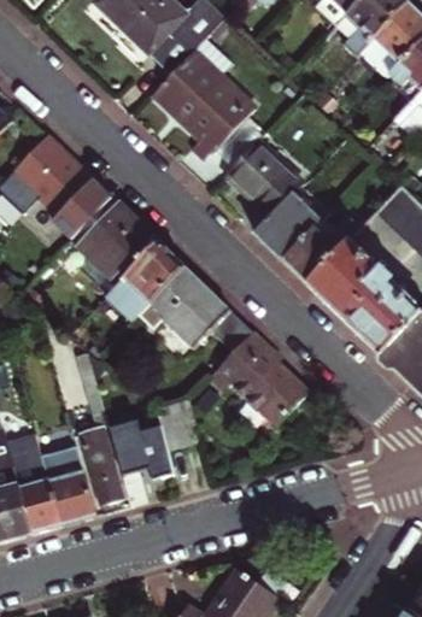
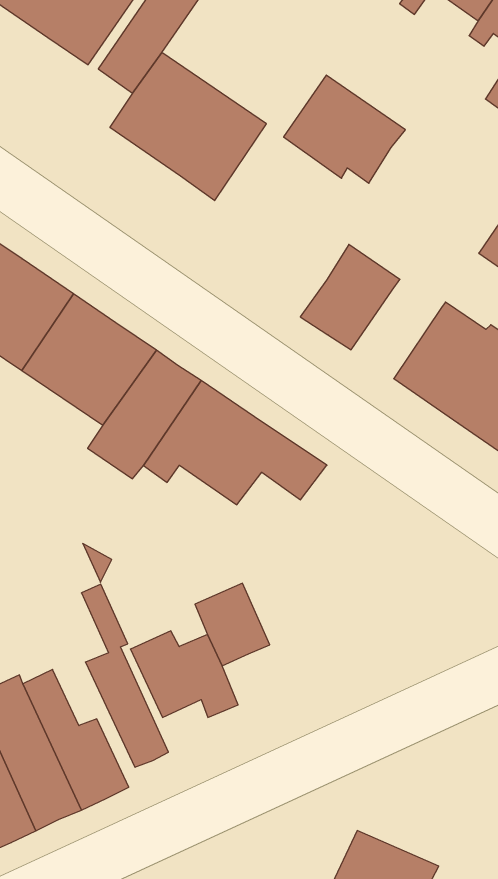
building: [224,140,303,213] -> [284,75,405,183]
building: [282,227,345,283] -> none
building: [210,331,307,423] -> none

